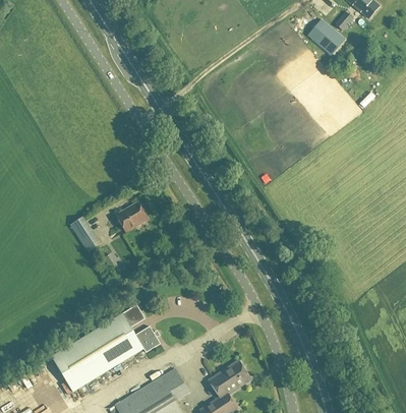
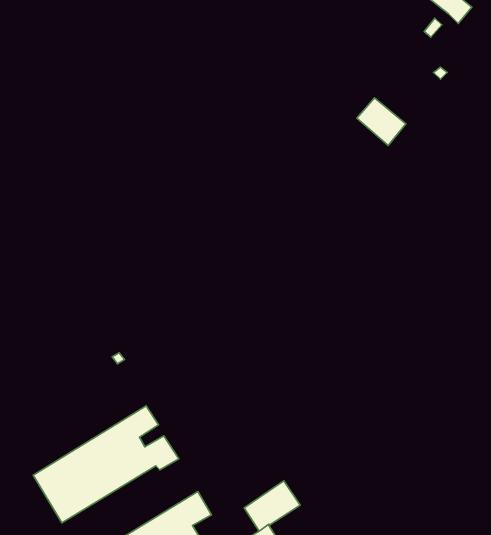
building: [307,19,344,55] -> [357,98,406,146]
building: [116,202,147,231] -> none
building: [69,217,100,251] -> none

